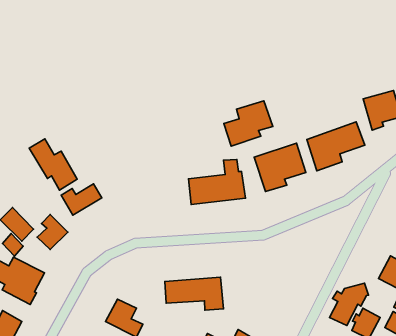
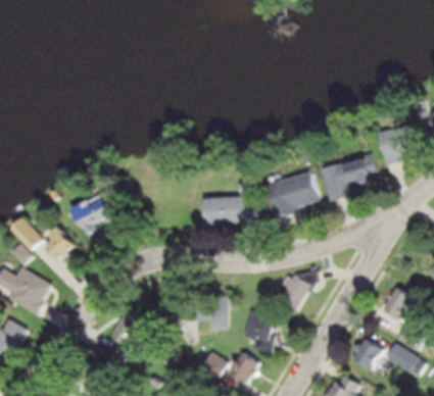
building: [224,101,273,146] -> none
building: [29,139,77,190] -> none
building: [330,283,369,326] -> [277,270,317,311]
building: none -> [244,312,273,350]

